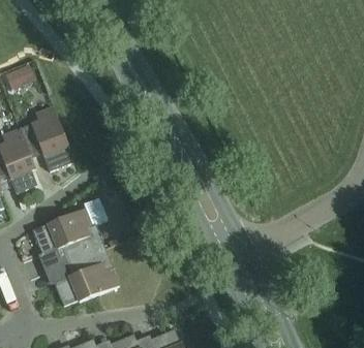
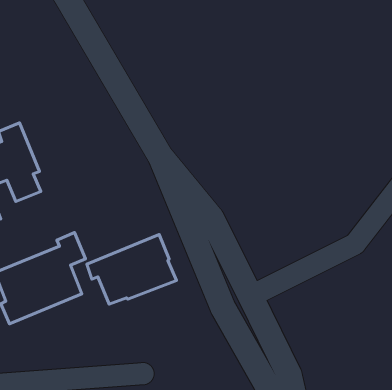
building: [44,247,119,305] -> [87,234,177,304]

